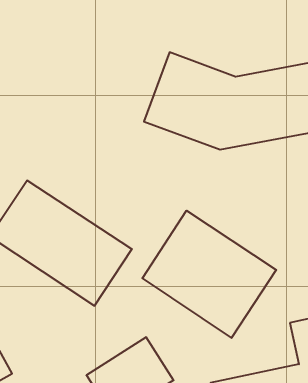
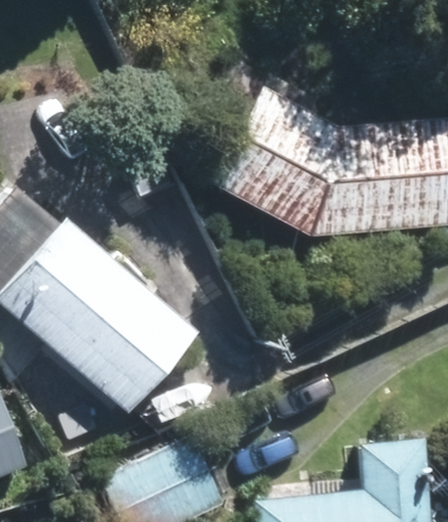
building: [142,211,276,338] -> none

